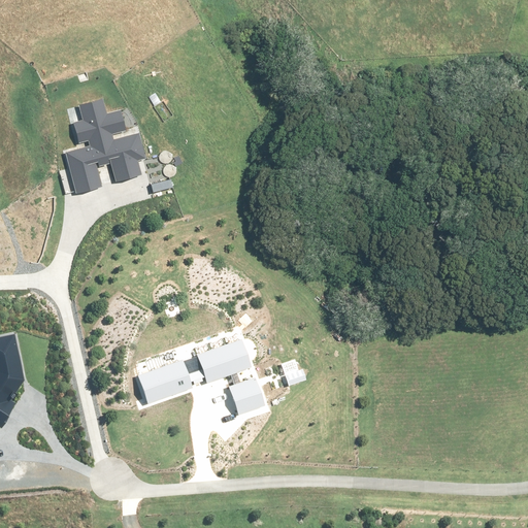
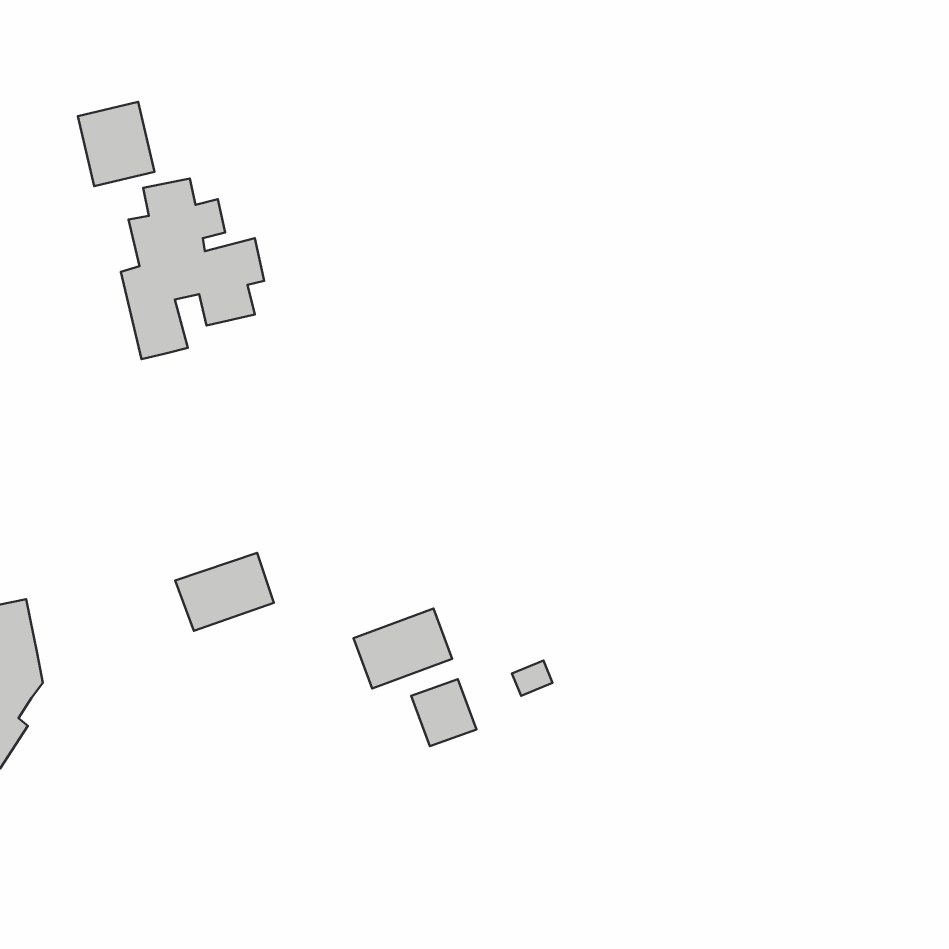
building: none -> [78,102,154,186]
building: [136,360,191,403] -> [175,553,274,631]

